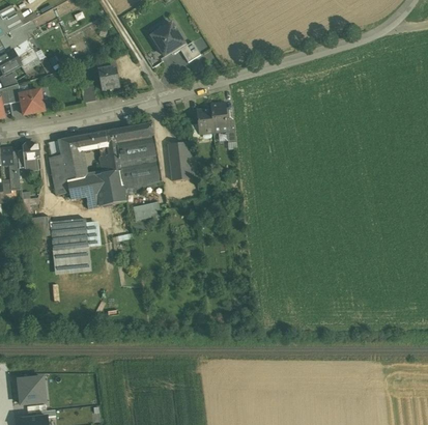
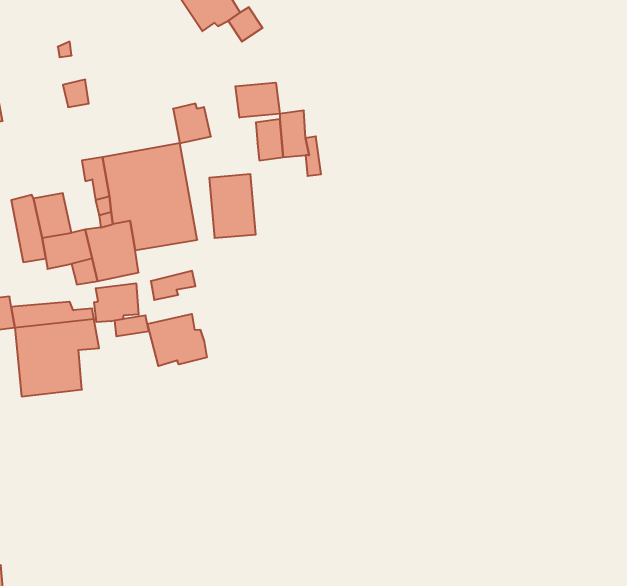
building: [97,66,120,90] -> [173,104,211,143]
building: none -> [235,83,280,118]
building: [58,134,93,157] -> none
building: none -> [94,283,138,322]
building: none -> [147,314,207,366]

